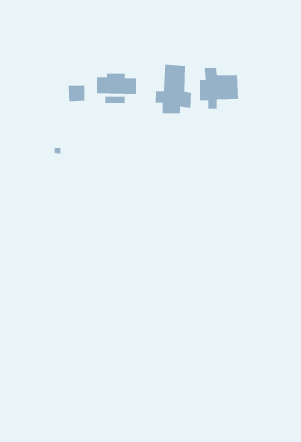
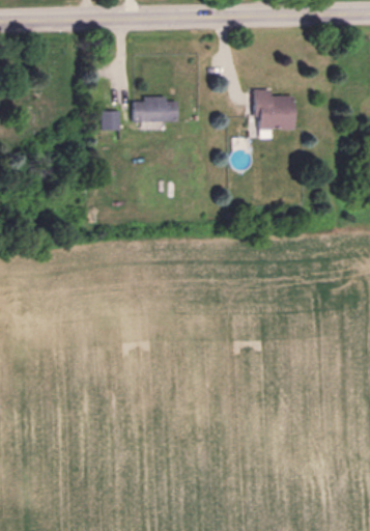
building: [155,64,192,114] -> none

